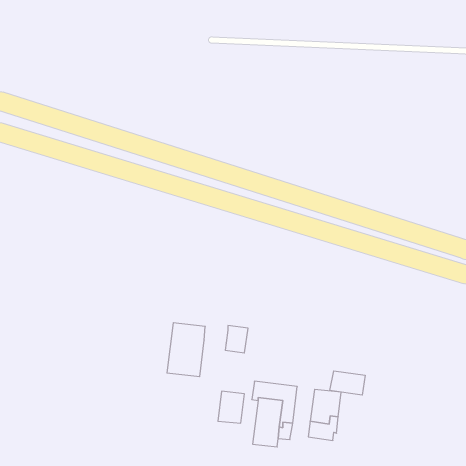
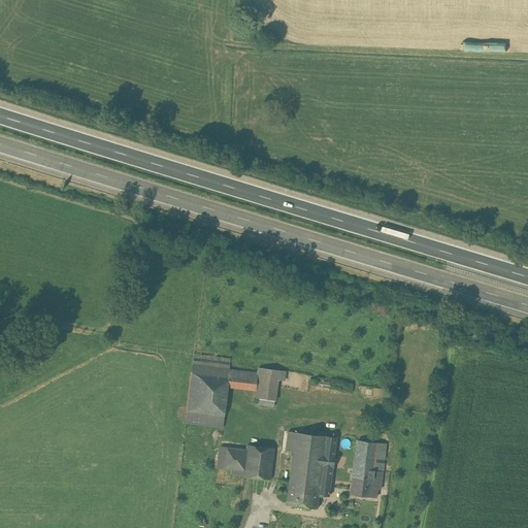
building: none -> [231,369,258,388]
building: [330,371,365,395] -> none
building: none -> [217,443,248,470]

